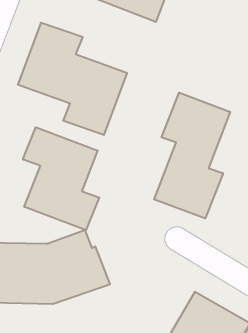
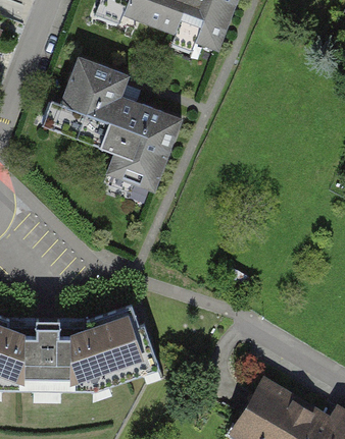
building: [154,93,230,219] -> none
building: [23,127,99,230] -> none

